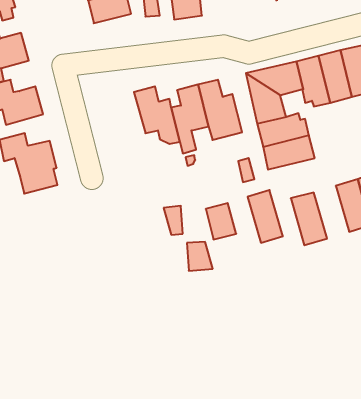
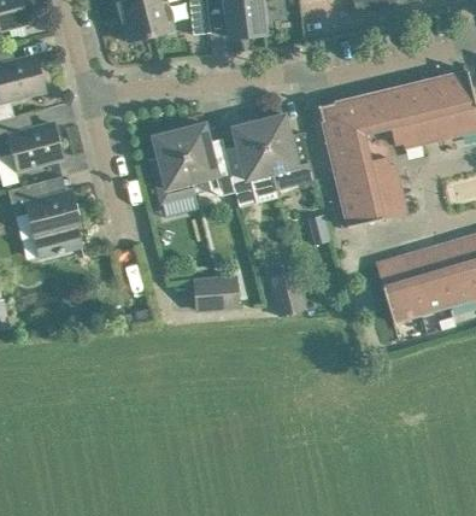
building: none -> [149,129,198,216]
building: [248,190,283,243] -> [404,247,448,313]
building: [187,242,213,271] -> [192,275,224,311]

